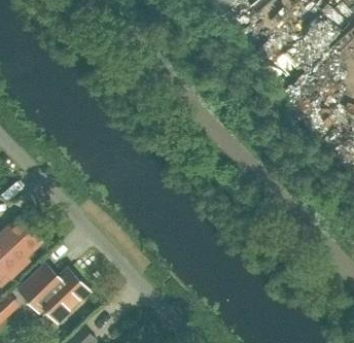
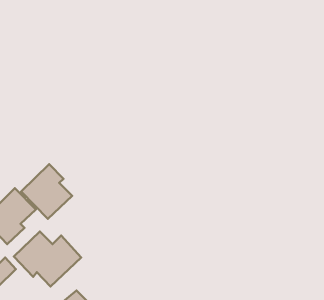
building: none -> [21,164,72,219]

